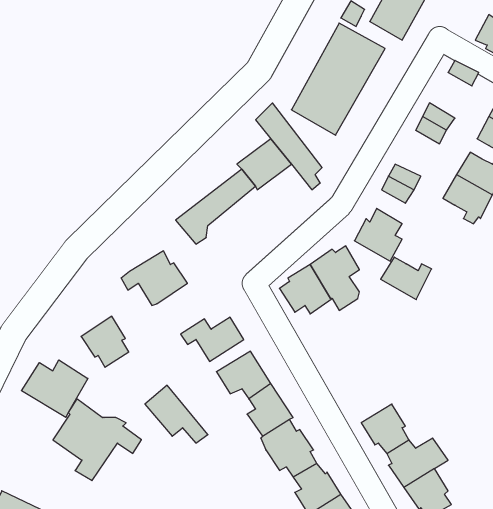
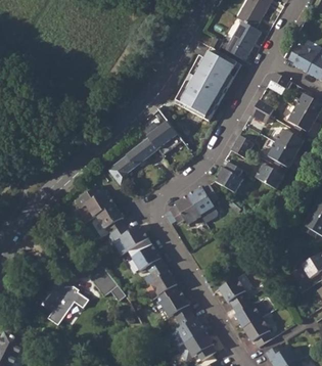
building: [381,257,432,300] -> [256,163,286,188]
building: [81,316,129,367] -> [96,205,125,236]
building: [21,360,88,417] -> none

